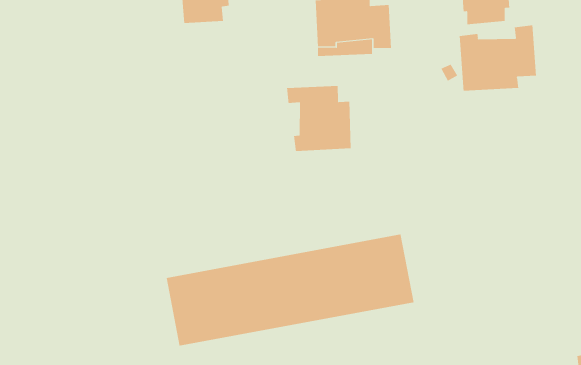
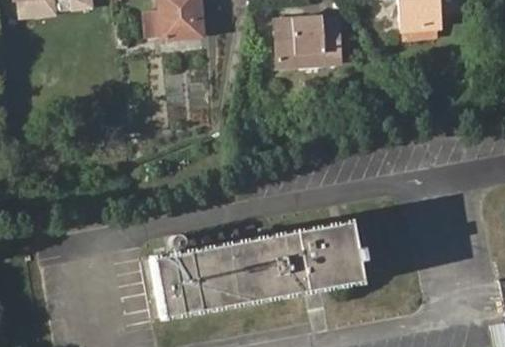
building: [459,25,536,91] -> none
building: [286,85,351,152] -> none

